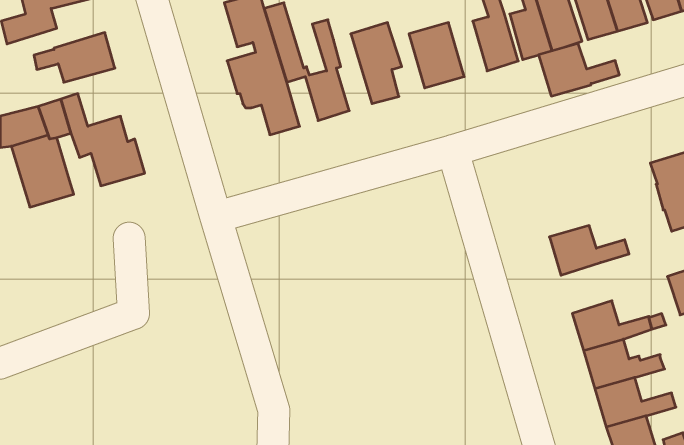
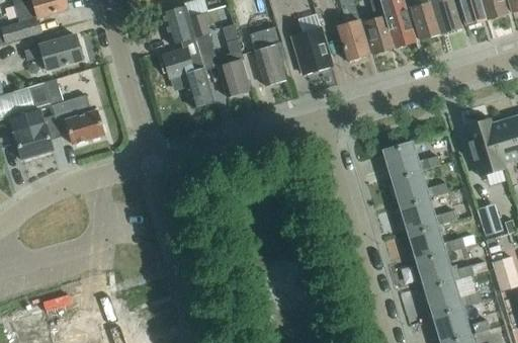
building: [538,44,619,96] -> [383,143,441,180]
building: none -> [401,198,457,235]

